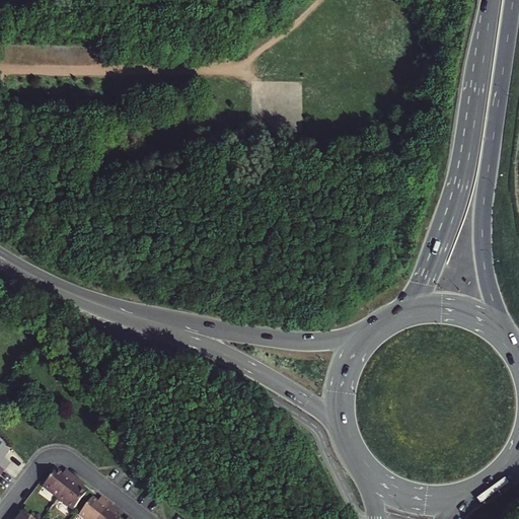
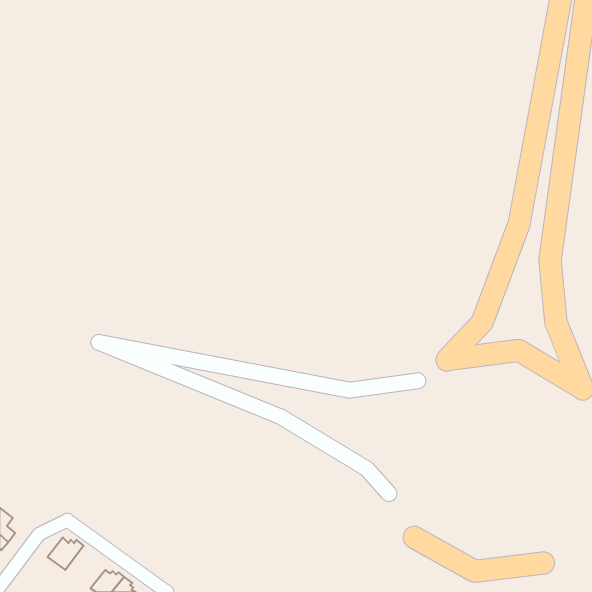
building: [57,476,84,509] -> none

